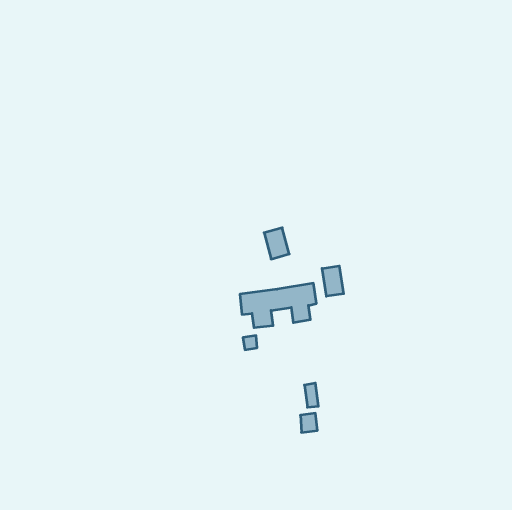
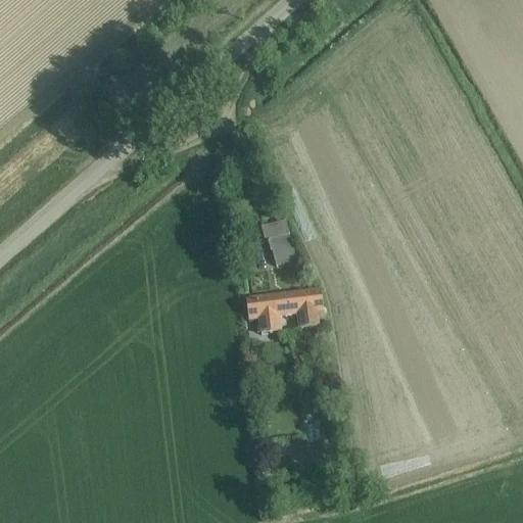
building: [322,266,344,296] -> none

